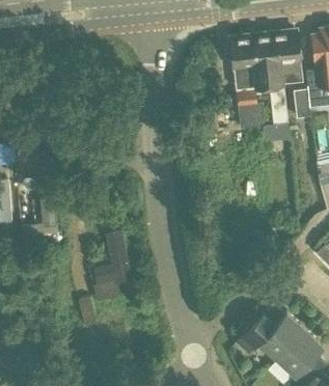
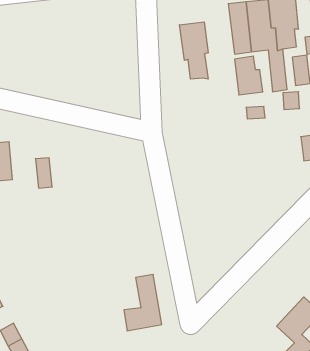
building: none -> [180,22,208,79]
building: [93,230,131,286] -> [124,274,162,331]
building: [238,313,306,360] -> none

